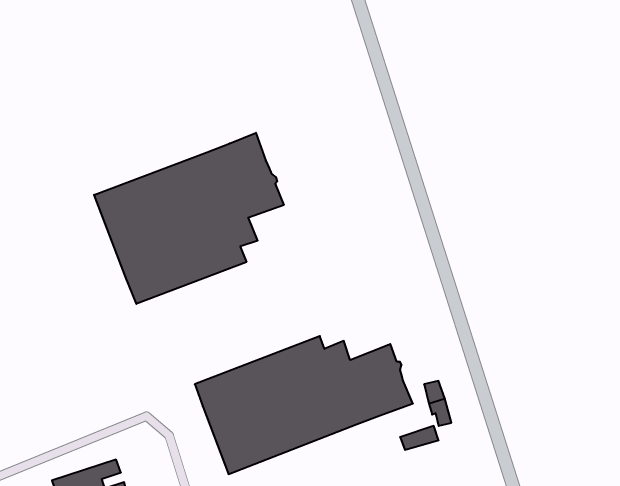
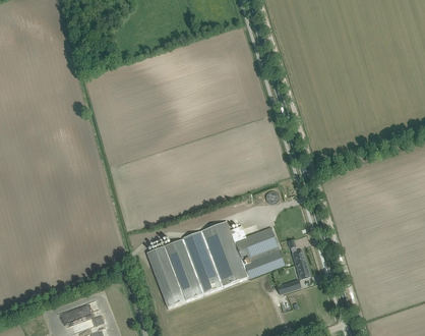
building: [94,133,284,304] -> none

